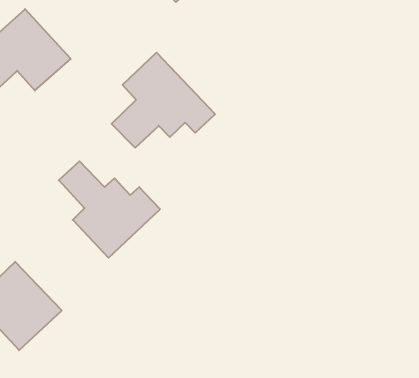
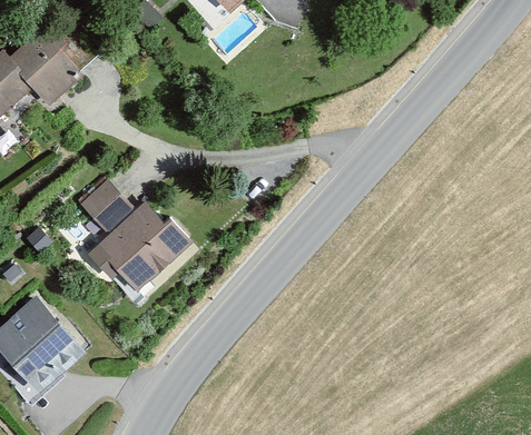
building: [112,53,215,148] -> none

